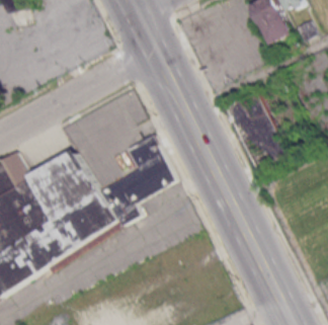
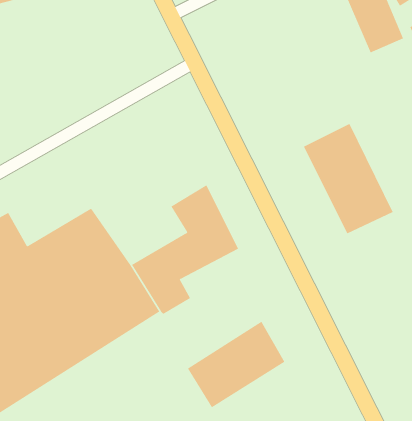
building: none -> [187,321,285,408]

